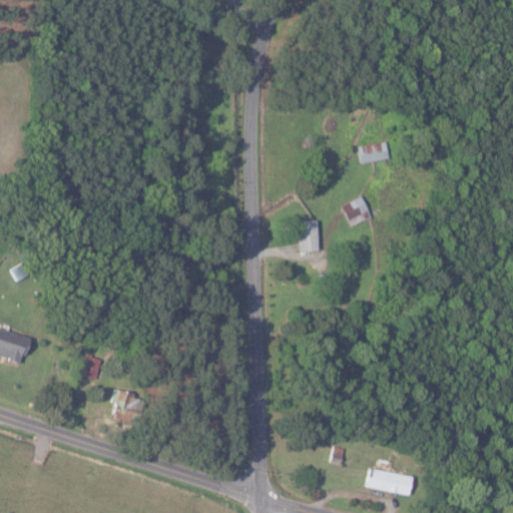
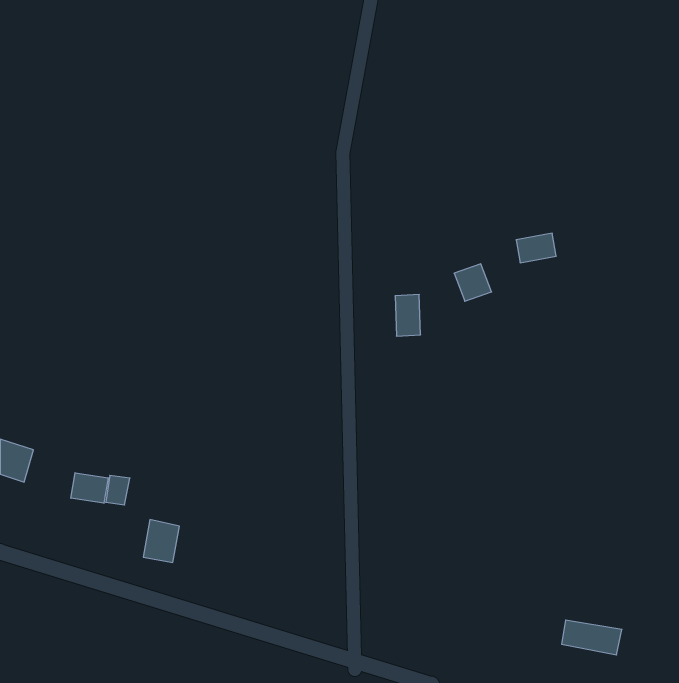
building: [360,142,390,164] -> [516,233,556,263]
building: none -> [71,473,108,503]
building: [368,469,413,495] -> [562,620,622,655]

